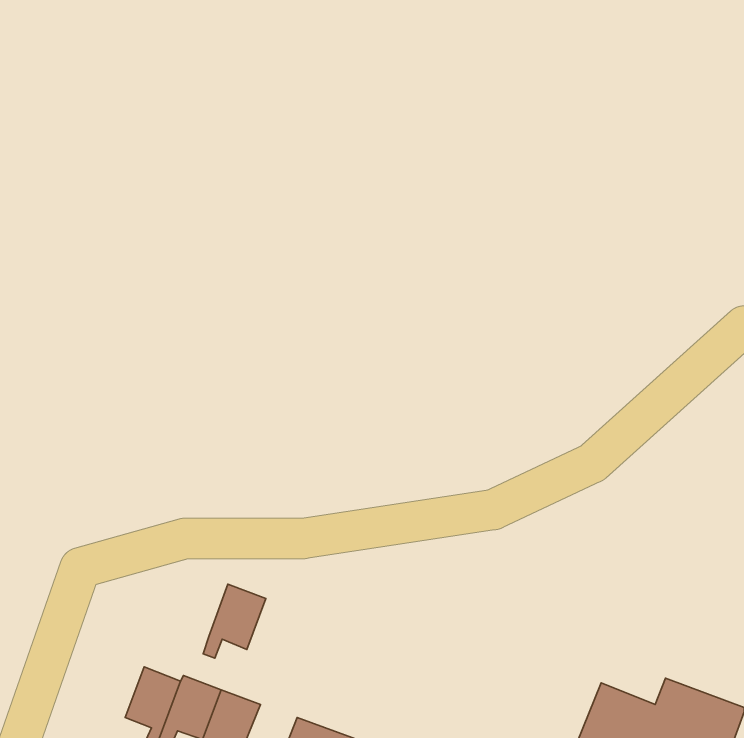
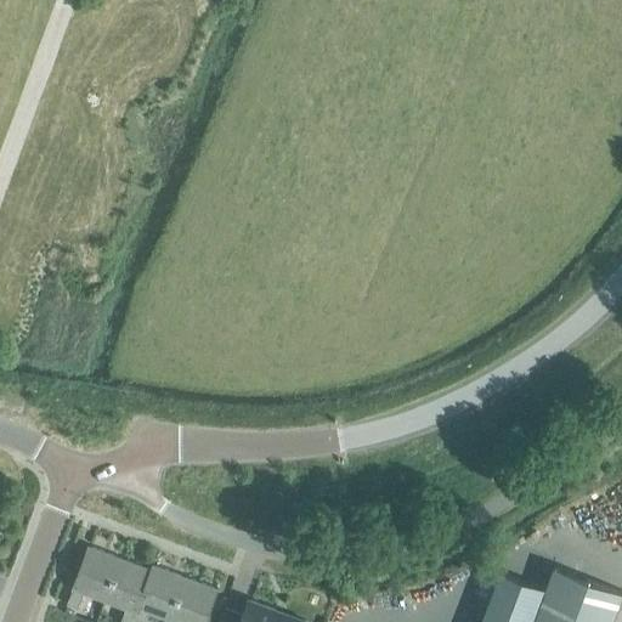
building: [203,584,266,658] -> [68,549,120,611]

